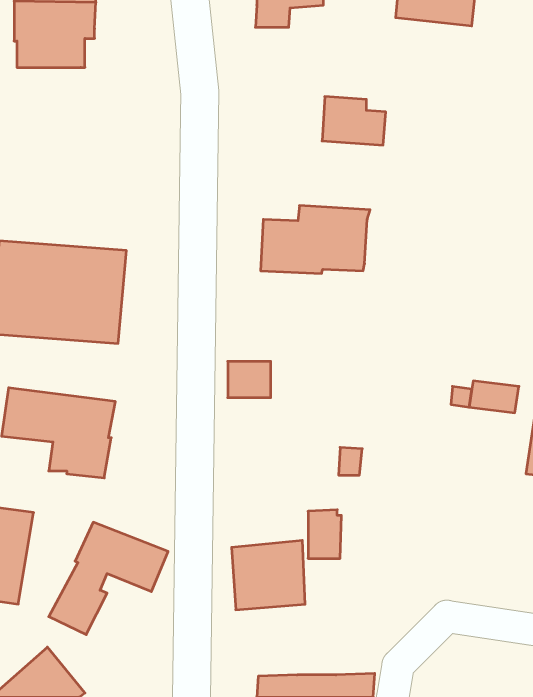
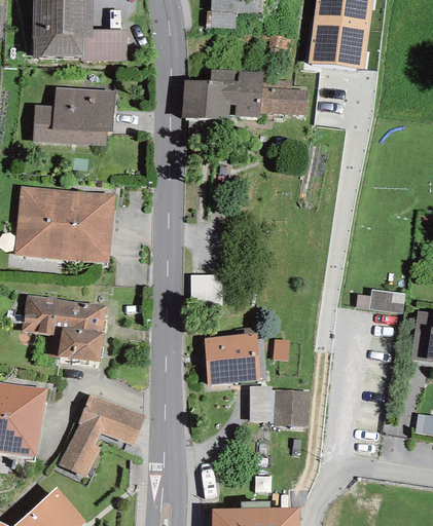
building: none -> [308,21,370,70]
building: none -> [80,29,127,61]
building: none -> [32,87,114,145]
building: [261,206,370,273] -> [182,69,263,119]
building: none -> [273,389,309,427]
building: [232,540,305,610] -> [204,333,258,384]

